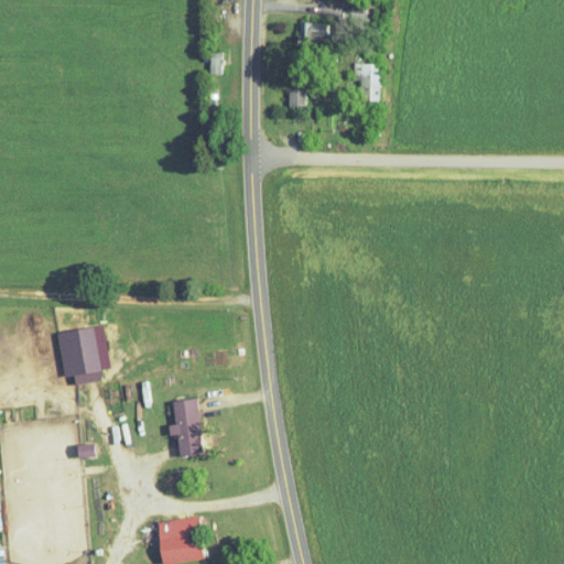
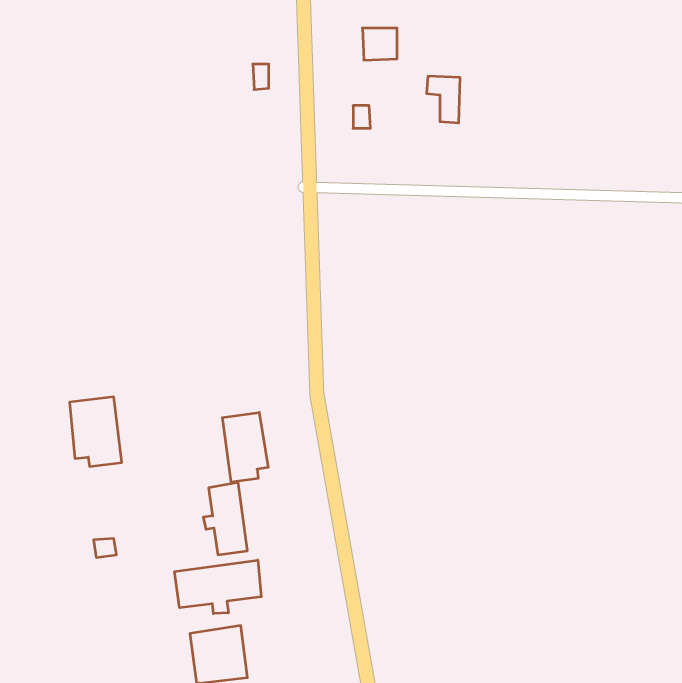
building: none -> [222,412,268,482]
building: none -> [175,560,261,614]

